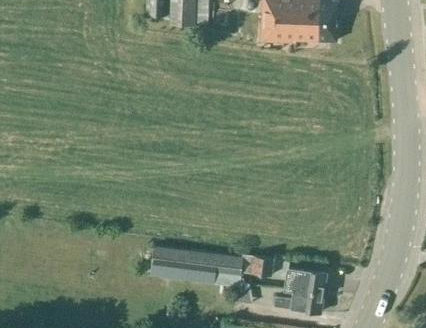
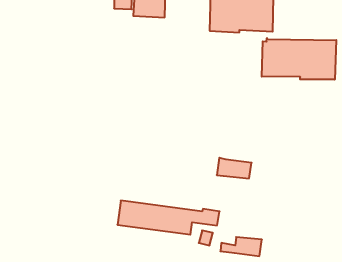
building: none -> [262,38,336,80]
building: [285,267,327,292] -> [217,158,252,178]

